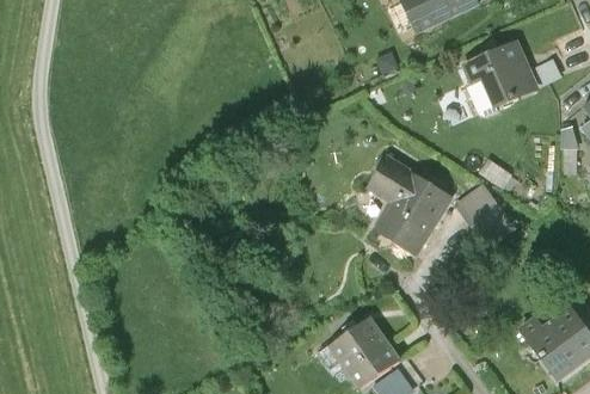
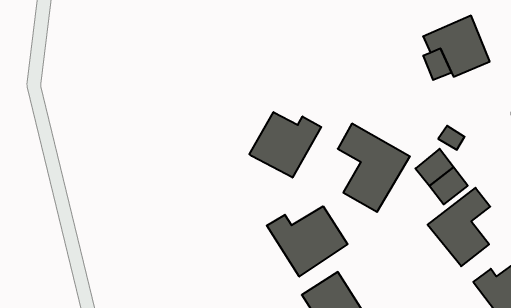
building: none -> [249,112,321,178]
building: none -> [428,188,490,266]
building: none -> [267,206,348,277]

